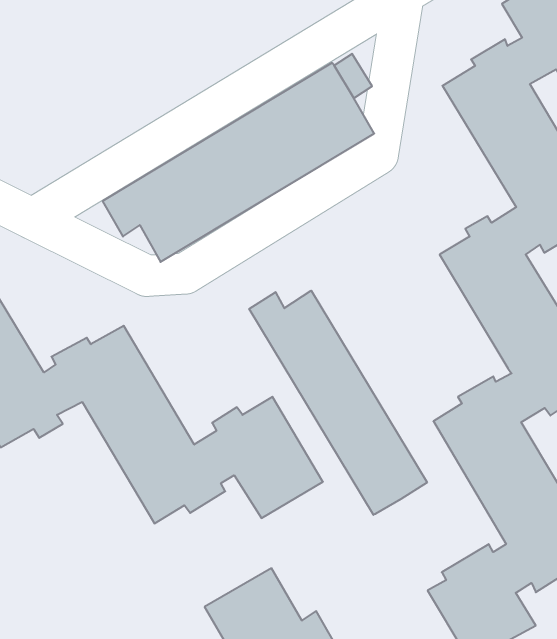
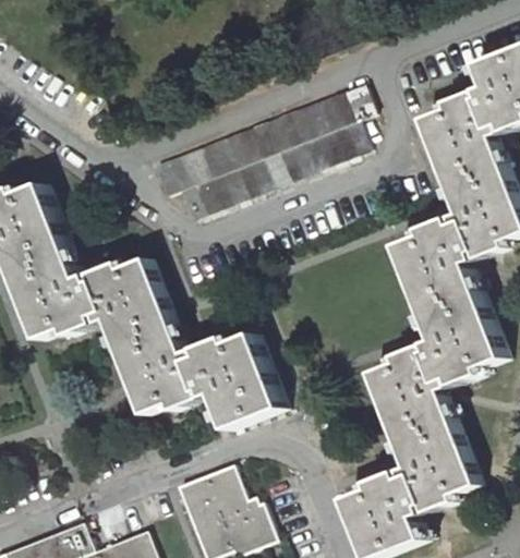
building: [249,291,427,515] -> none

